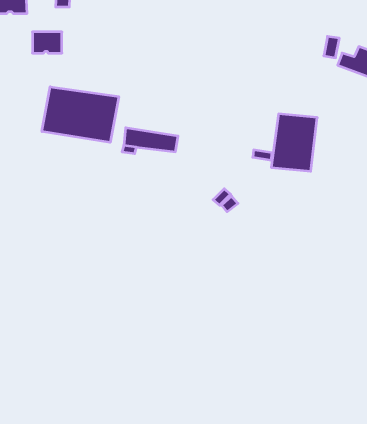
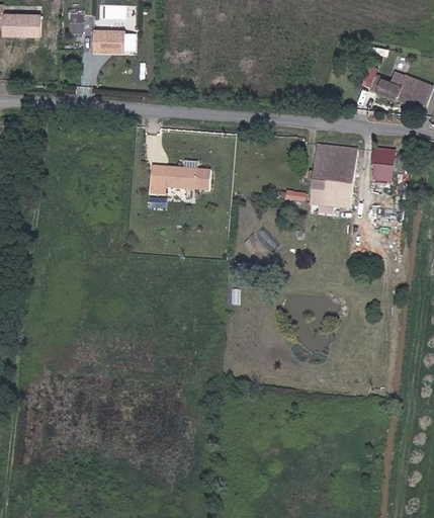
building: [32,32,62,53] -> [91,30,123,54]
building: [42,87,119,142] -> none
building: none -> [369,151,396,186]

